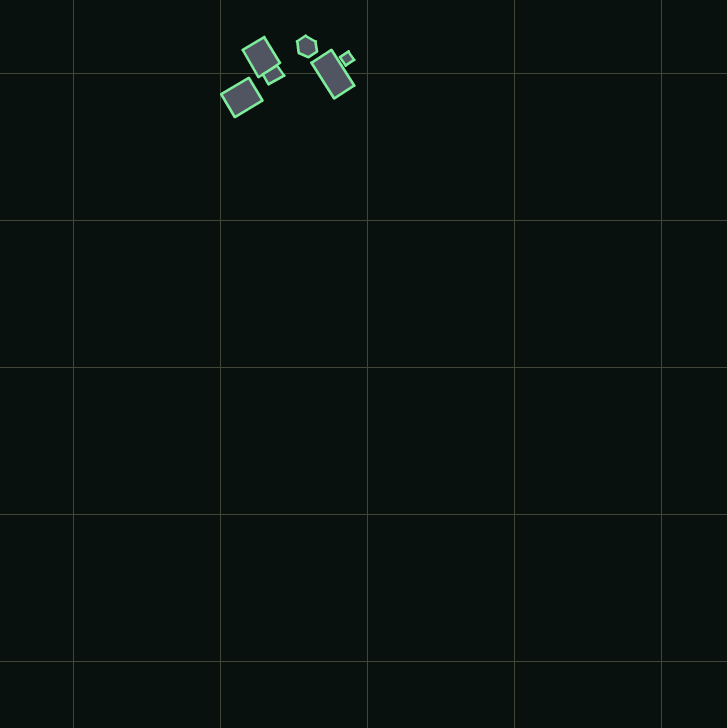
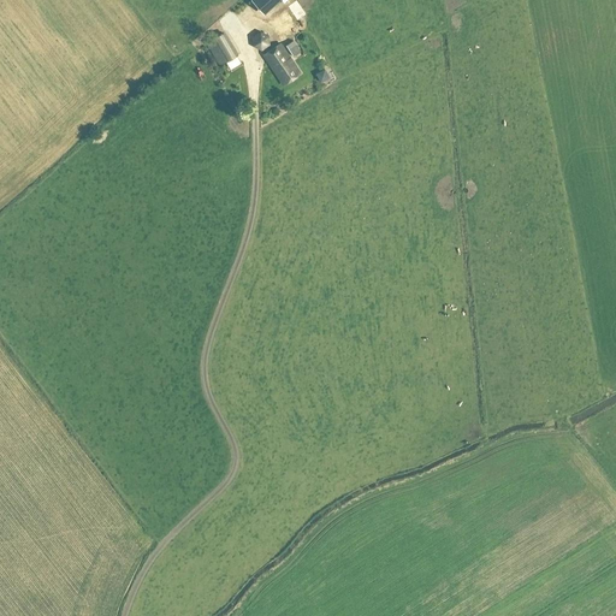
building: [221,78,262,117] -> none

